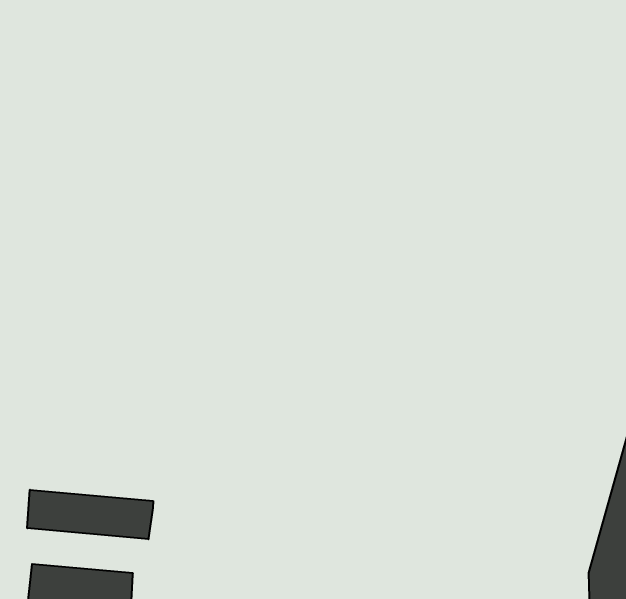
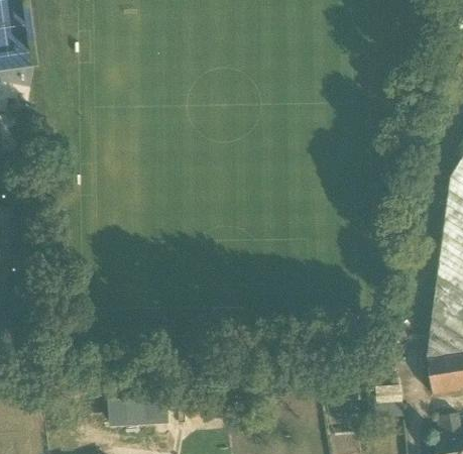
building: [27,490,153,539] -> none

